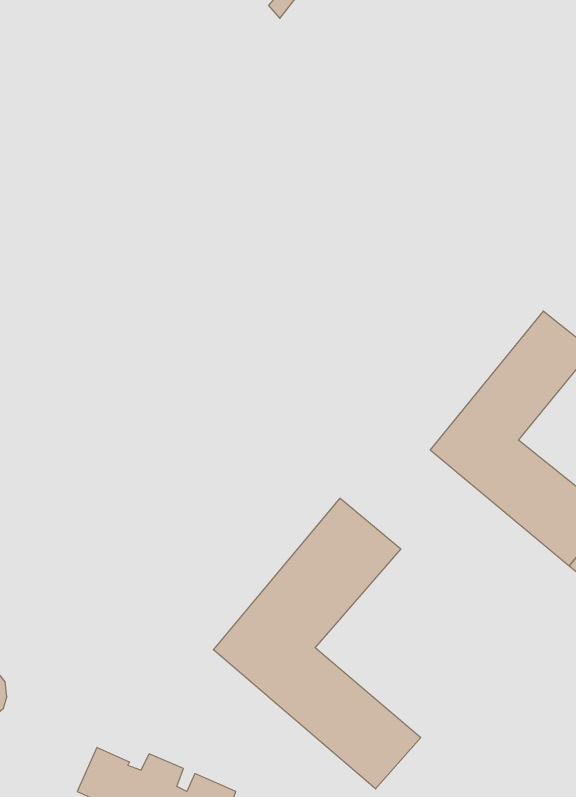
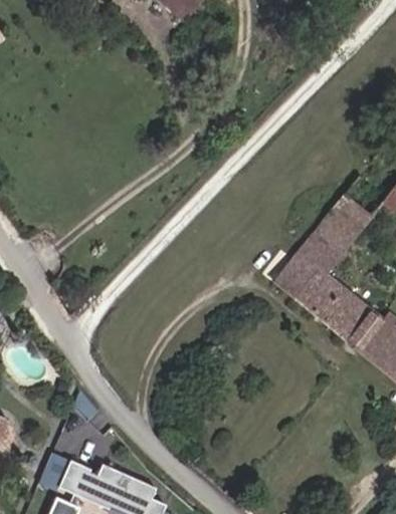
building: [213,498,421,789] -> none

